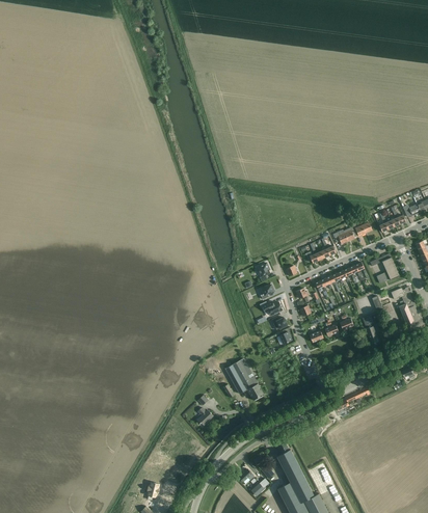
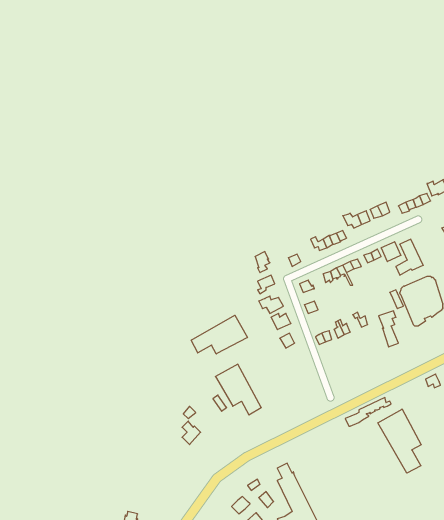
building: none -> [191,315,247,354]
building: none -> [378,409,421,473]

